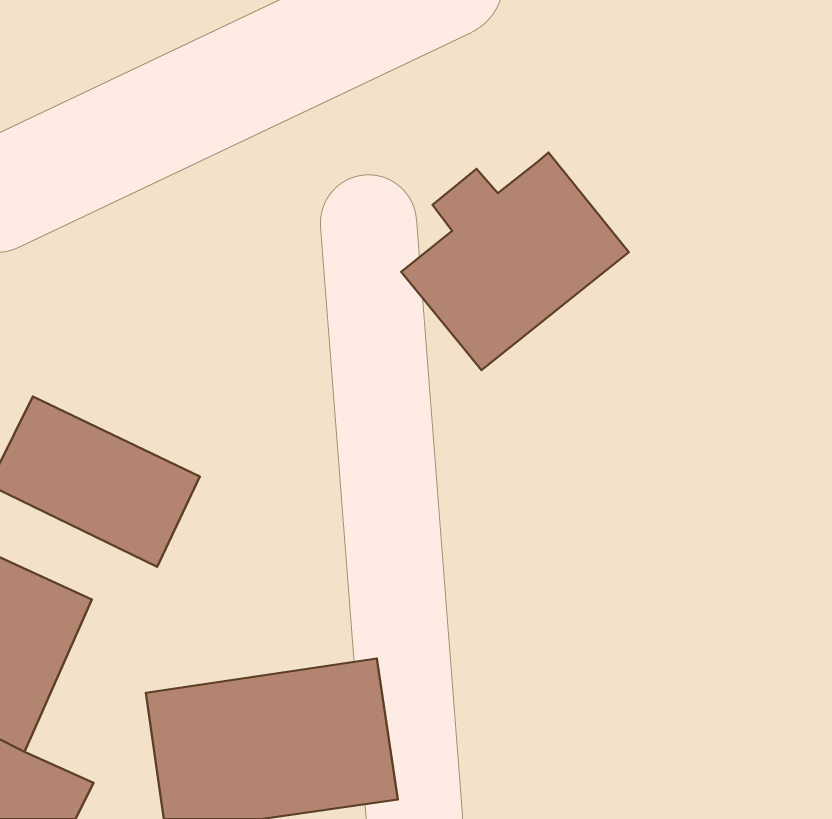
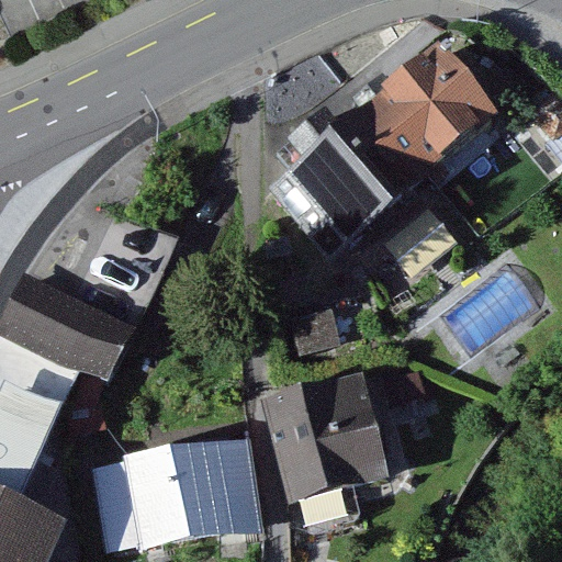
building: none -> [351,48,488,169]
building: none -> [273,381,396,509]

